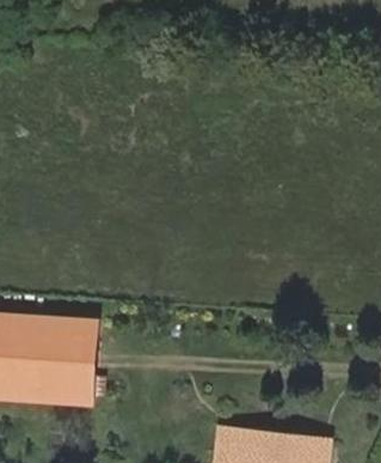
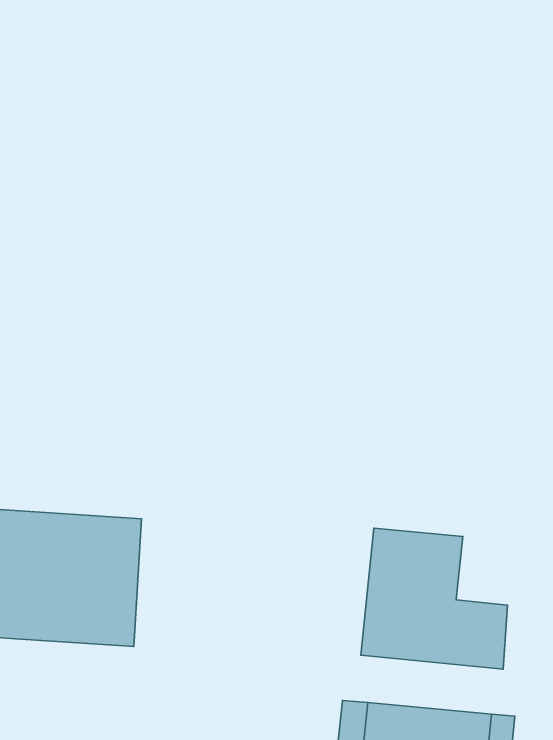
building: none -> [361,528,507,669]

